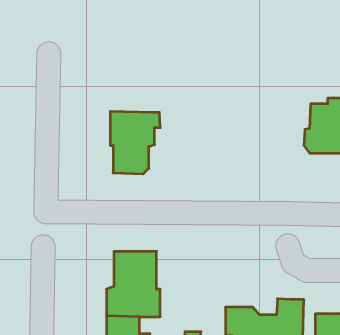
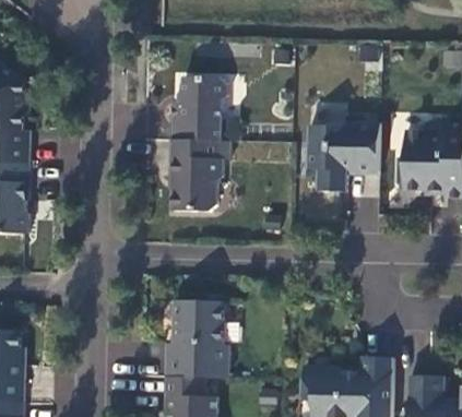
building: none -> [170,79,225,141]
building: none -> [306,121,377,192]

